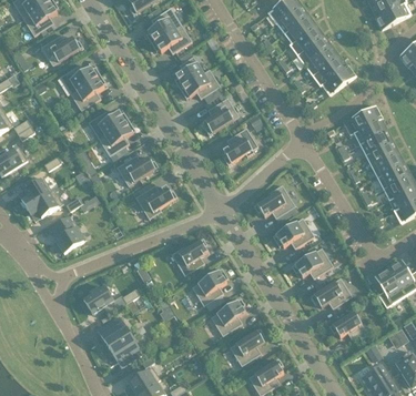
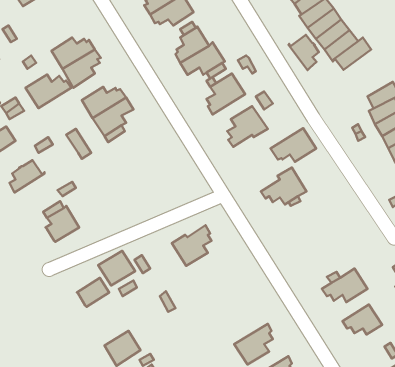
building: [40,33,82,64] -> [25,75,71,108]
building: none -> [288,35,319,70]
building: [115,153,158,184] -> none
building: [135,183,176,217] -> none
building: [26,189,62,216] -> none
building: [272,216,314,247] -> [271,128,316,162]
building: [291,246,333,277] -> none
building: [191,267,227,304] -> none
building: [210,297,245,335] -> none
building: [97,315,131,347] -> [98,251,135,286]

